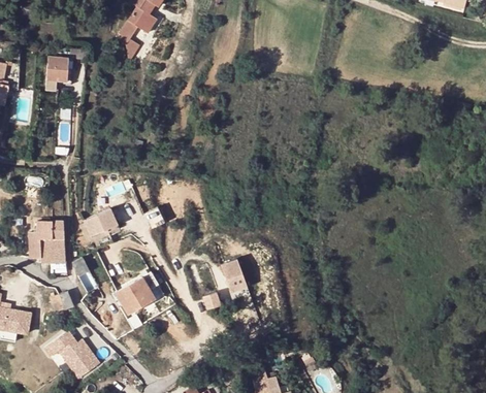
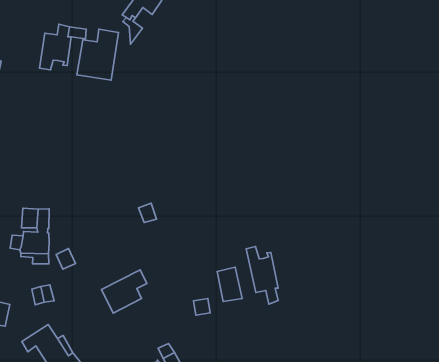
building: none -> [77,29,119,80]
building: [83,210,116,242] -> none
building: none -> [246,247,278,304]

